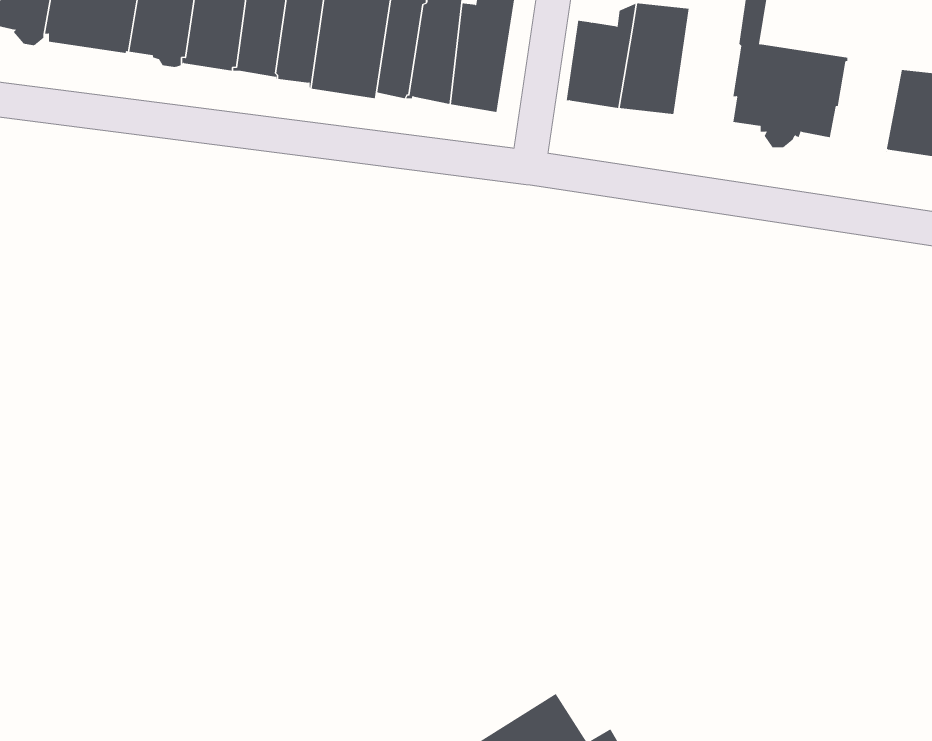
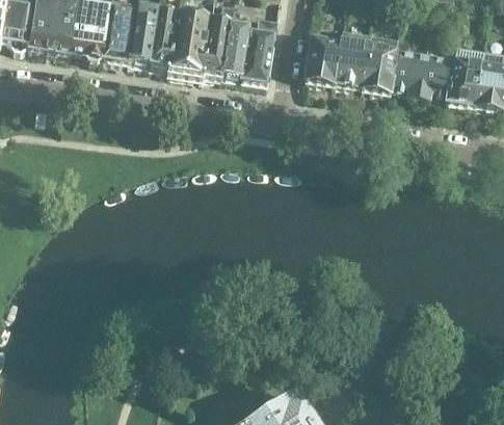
building: none -> [362,28,398,90]
building: none -> [445,56,482,104]

